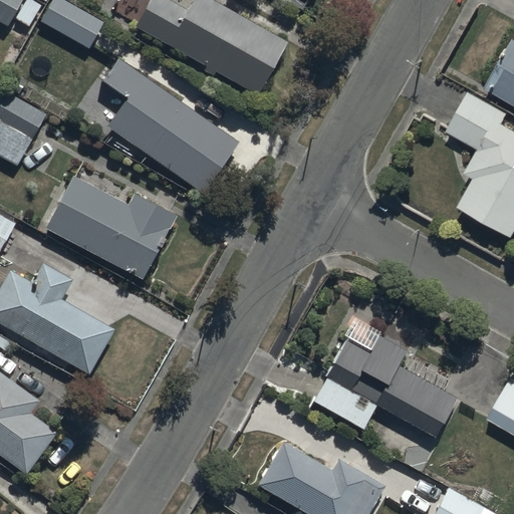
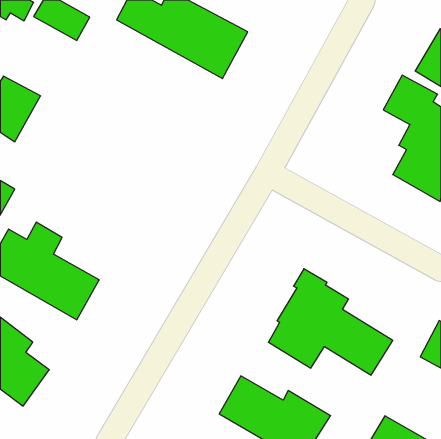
building: [103,58,240,193] -> none
building: [44,175,178,279] -> none

